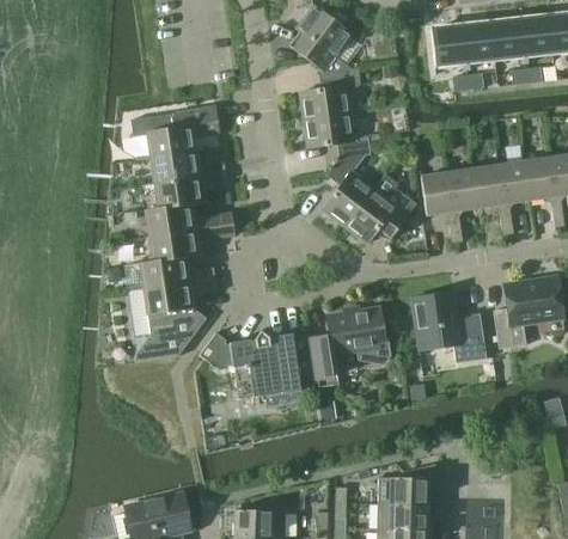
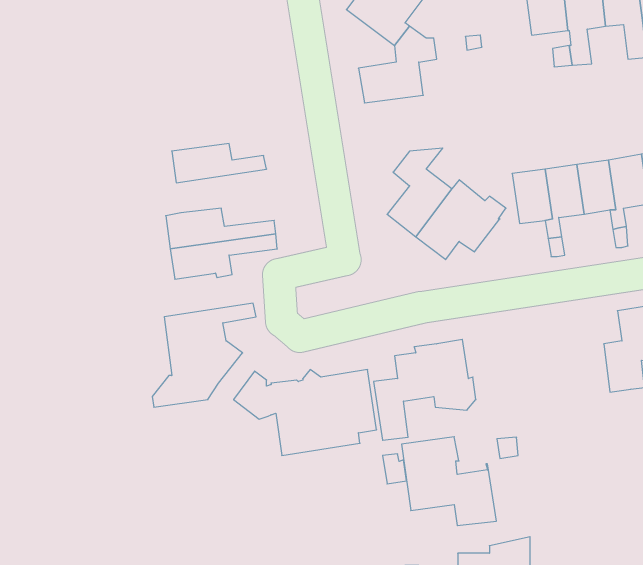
building: [130,106,220,160] -> none
building: [304,114,371,158] -> none
building: [154,172,227,207] -> none
building: [140,255,215,289] -> none
building: [411,292,487,362] -> [402,437,496,526]

